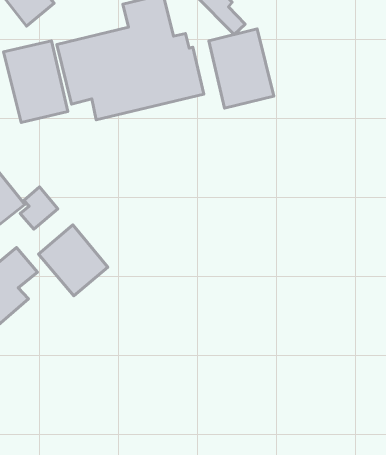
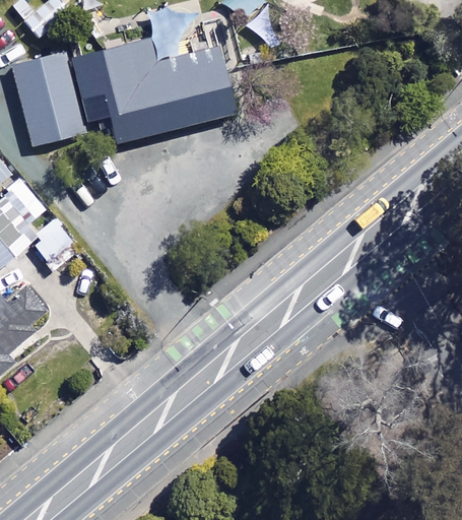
building: [209,29,274,108] -> none
building: [39,225,108,296] -> none

